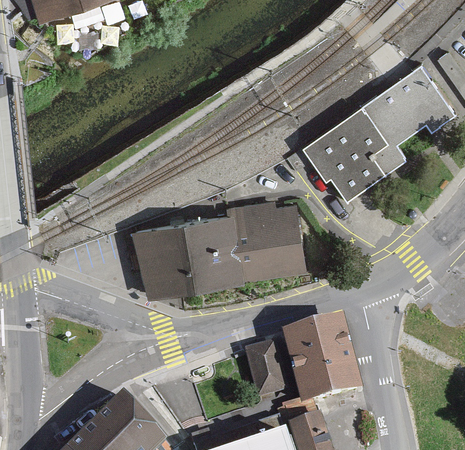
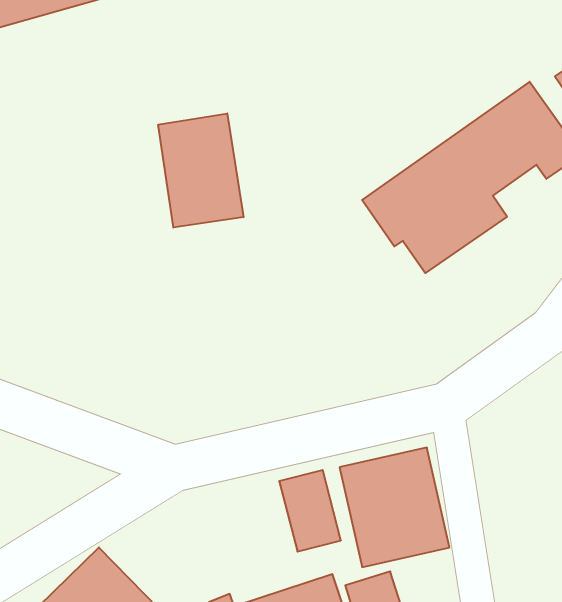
building: none -> [158,113,243,228]
building: [135,201,306,296] -> none

